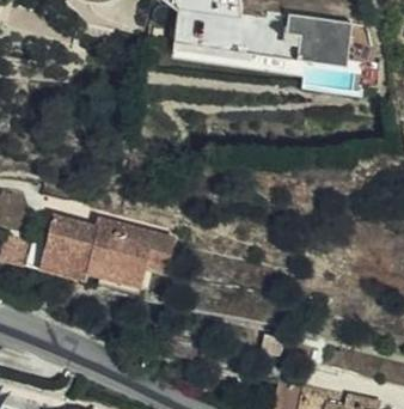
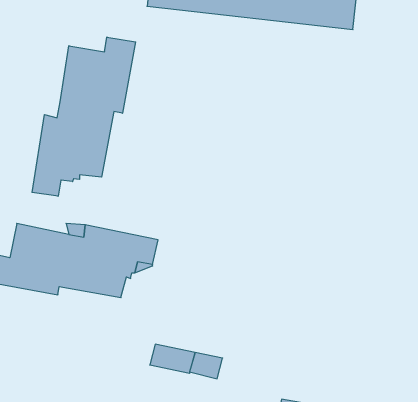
building: none -> [32,37,136,196]

